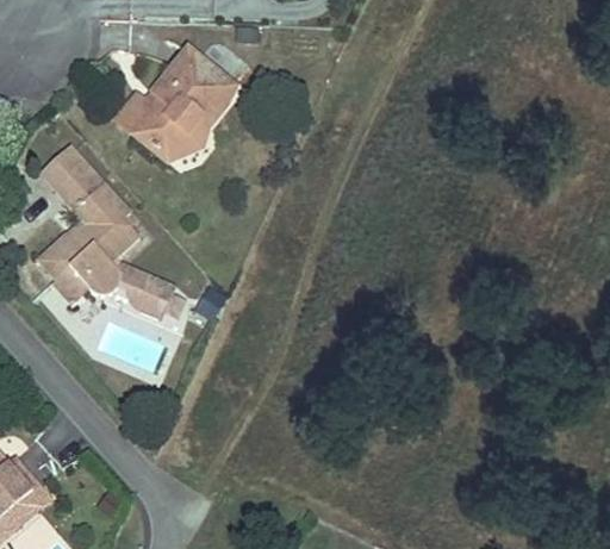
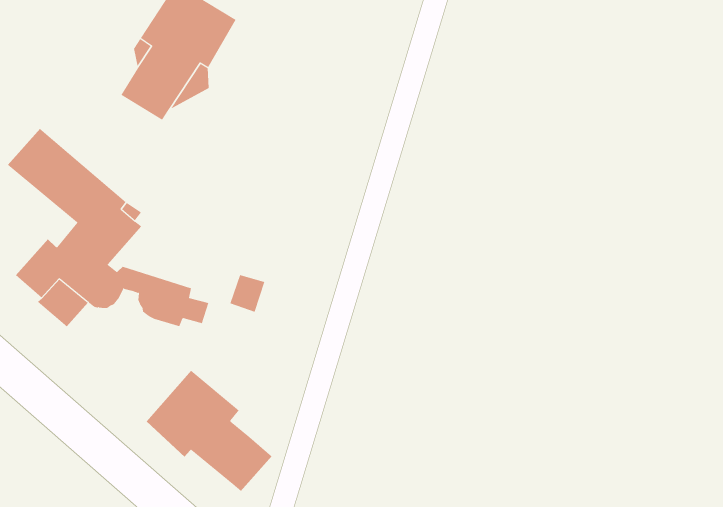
building: none -> [146,370,273,492]

